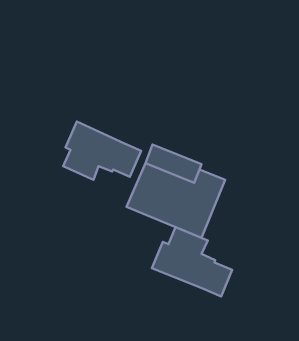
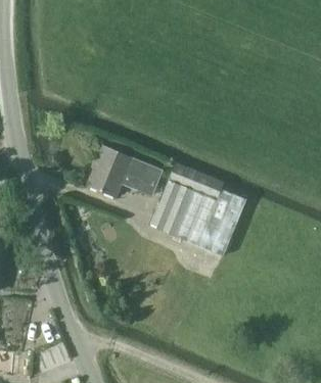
building: [152,227,232,296] -> none

